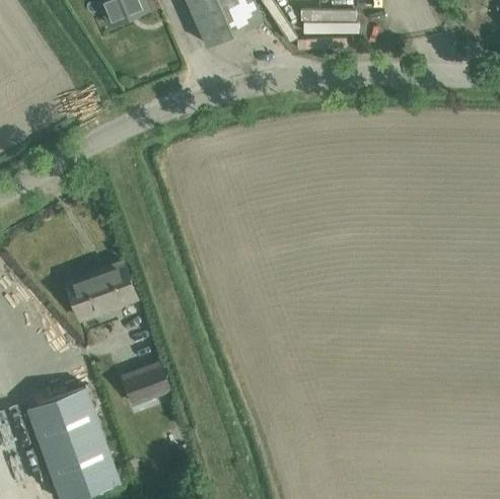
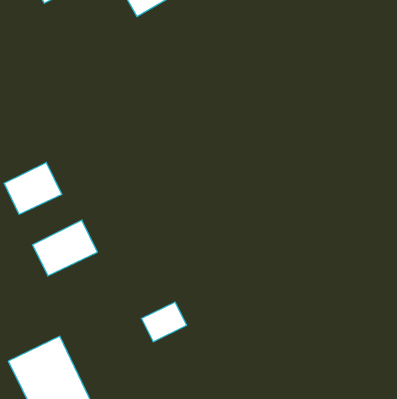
building: none -> [4,162,62,214]
building: [122,364,170,405] -> [141,302,187,342]

